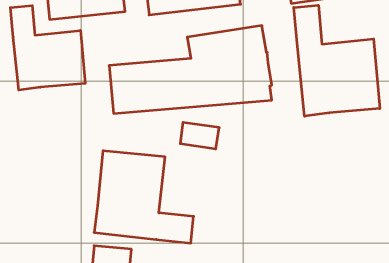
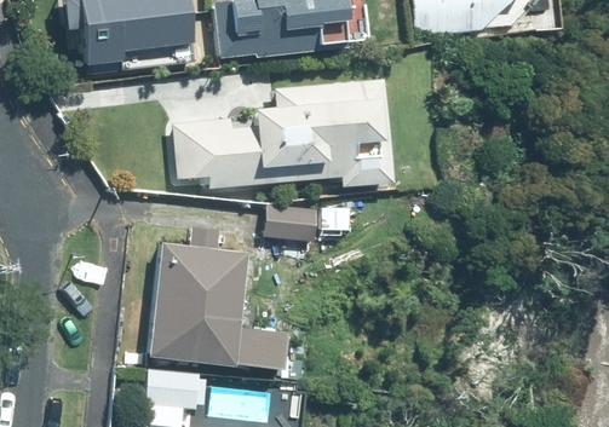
building: [294,5,380,116] -> none
building: [10,6,85,90] -> none

